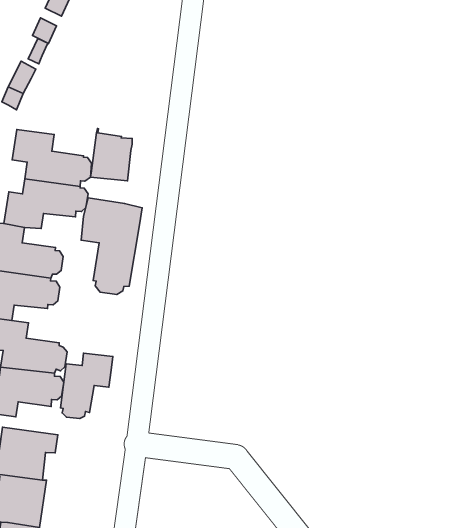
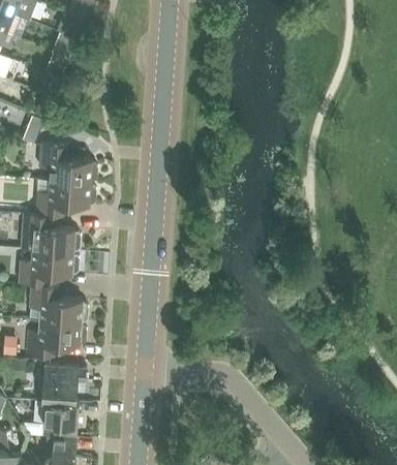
building: [90,129,132,181] -> none
building: [81,198,142,294] -> none
building: [61,353,113,419] -> none

